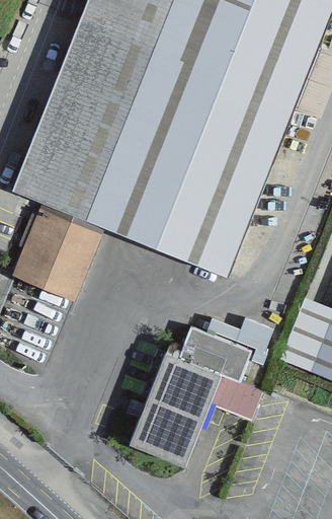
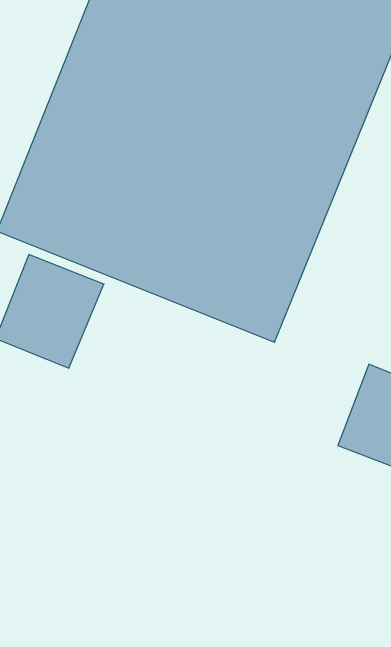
building: [129,326,262,465] -> none

